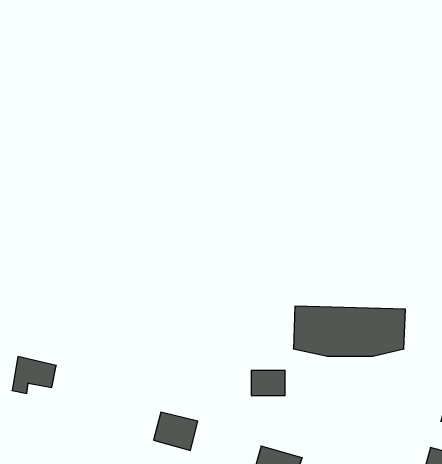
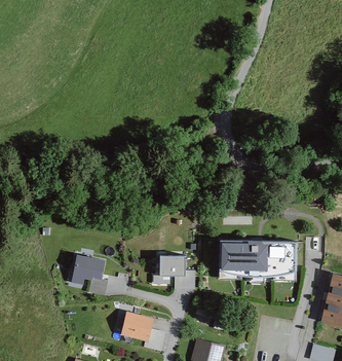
building: [12,357,56,393] -> [72,258,103,284]
building: [251,370,285,395] -> [160,259,184,277]

